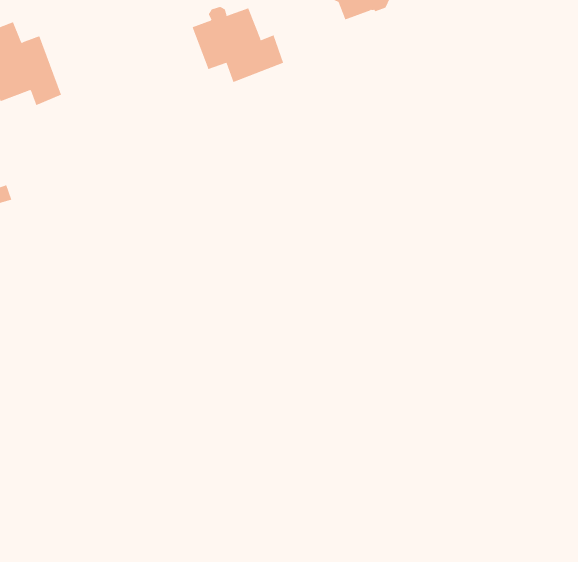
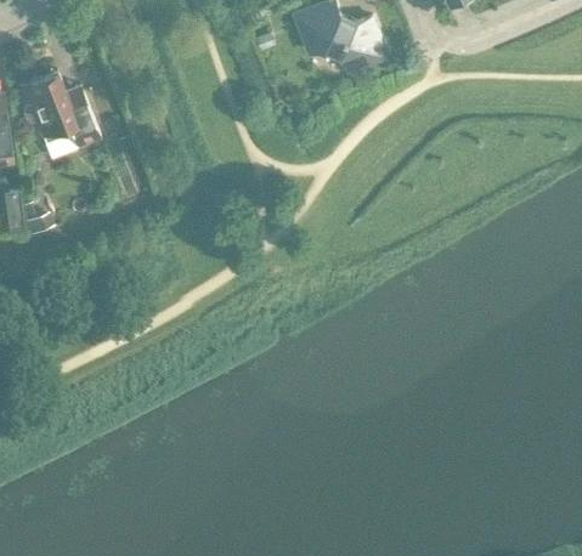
building: [192,6,284,83] -> none

